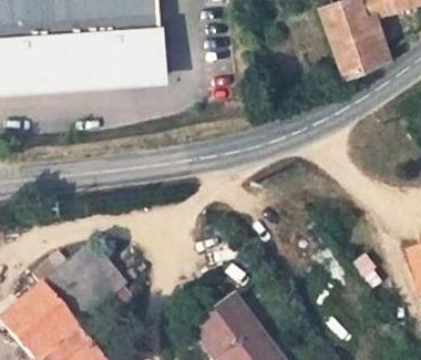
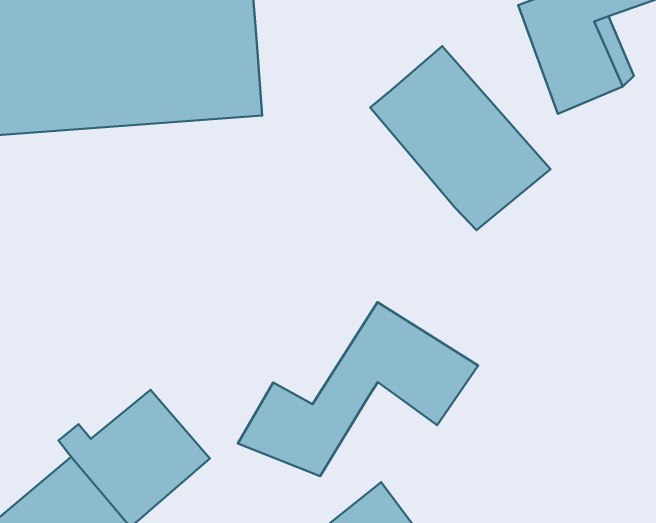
building: none -> [370,46,550,230]
building: none -> [238,302,478,476]

